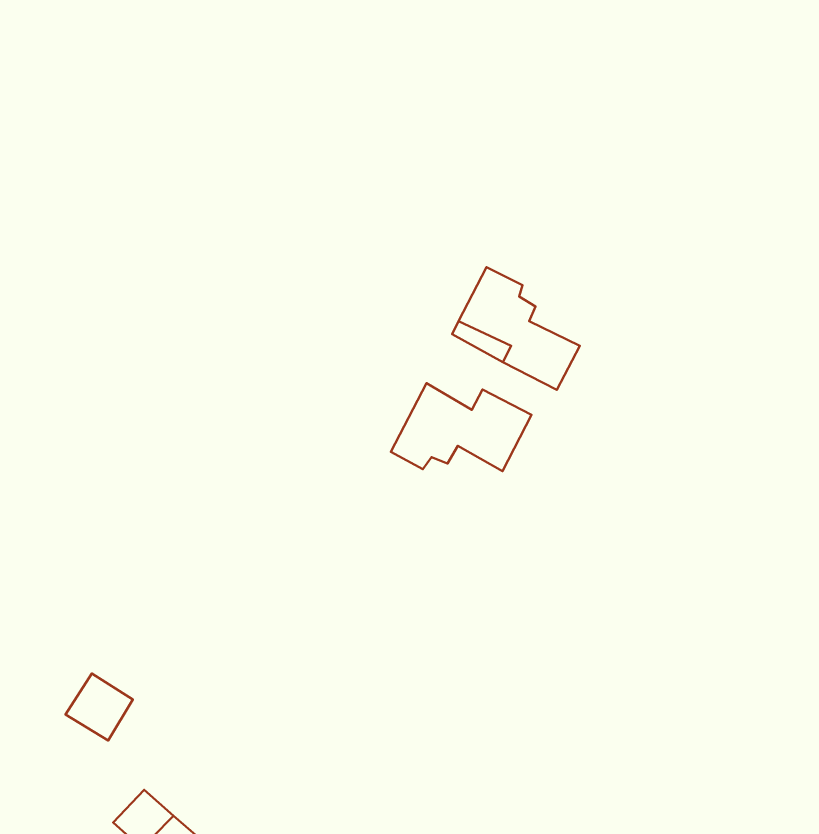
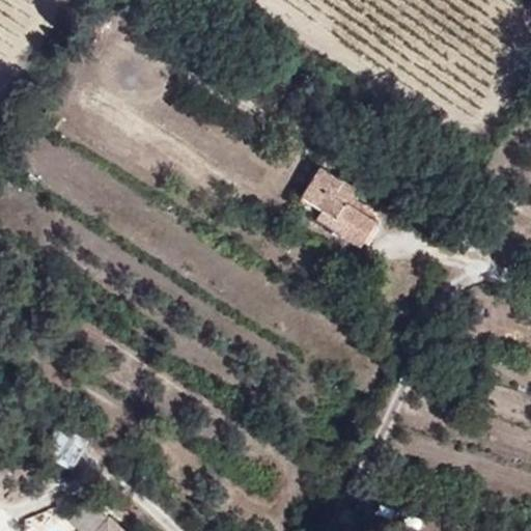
building: [391,383,532,471] -> none

